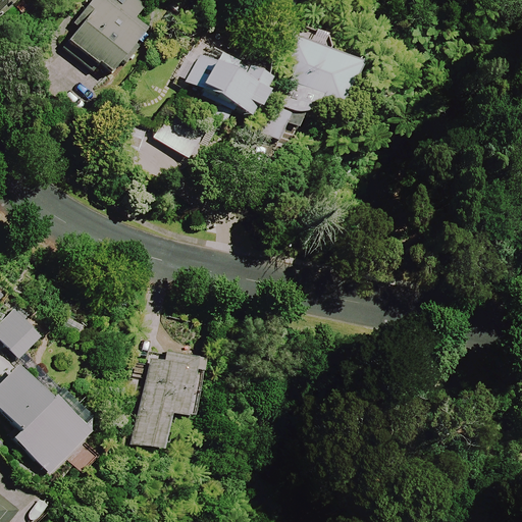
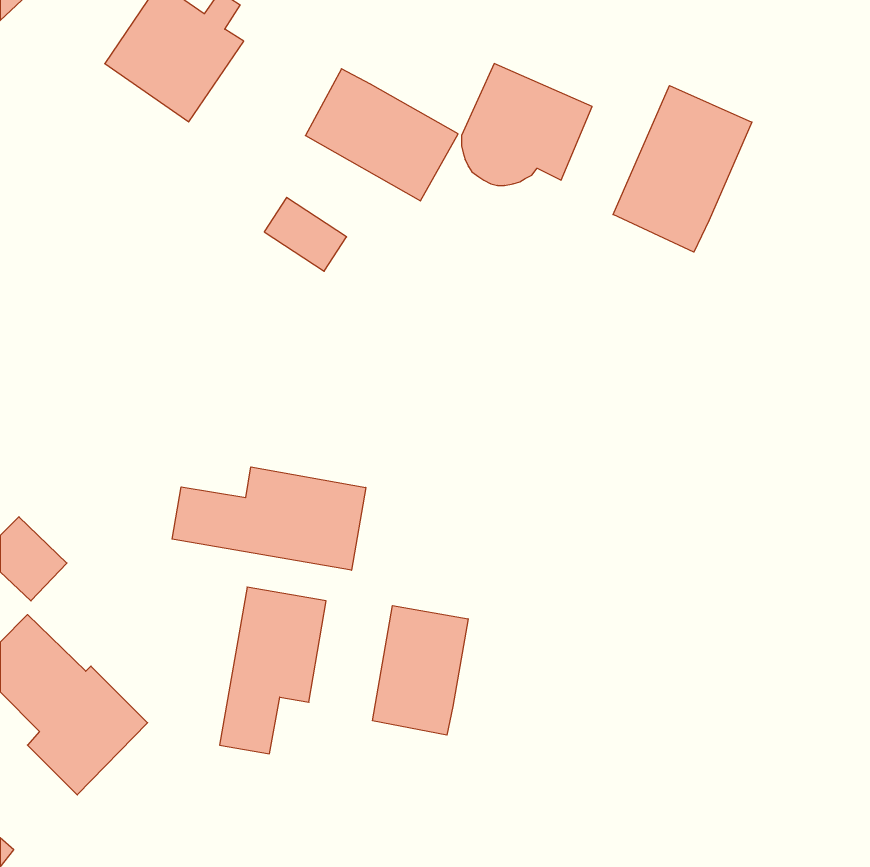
building: none -> [613,86,752,252]
building: none -> [172,467,366,570]
building: none -> [373,606,468,735]

